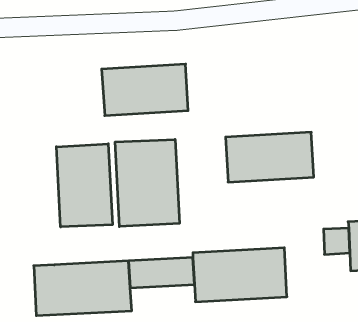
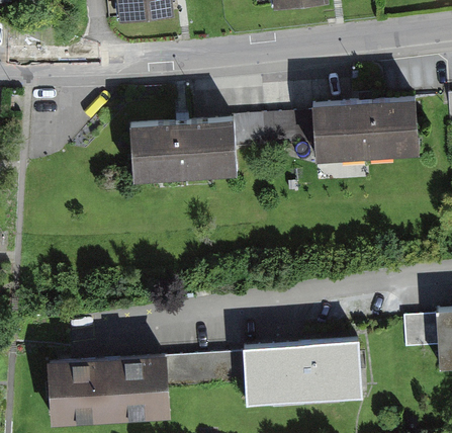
building: [226,132,314,182] -> [309,97,419,159]
building: [115,139,179,227] -> none
building: [56,144,112,227] -> none

